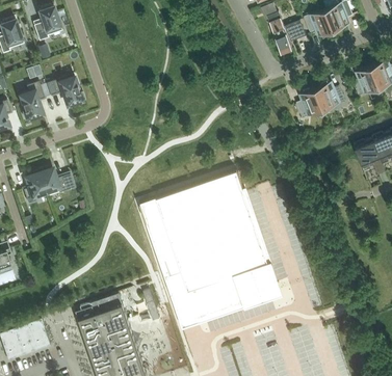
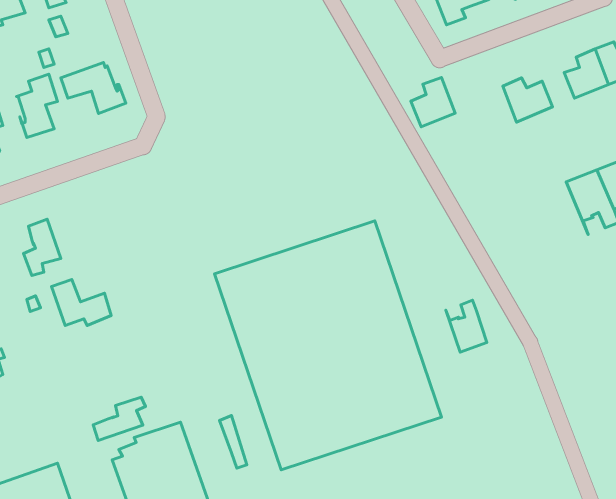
building: [296,88,323,118] -> [411,77,455,127]
building: [37,165,74,193] -> [51,280,111,326]
building: none -> [446,300,487,352]
building: none -> [93,397,145,440]

